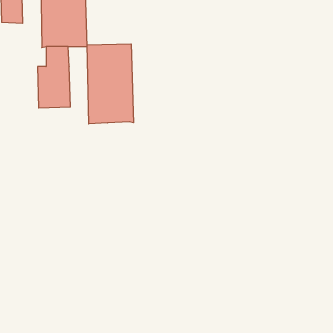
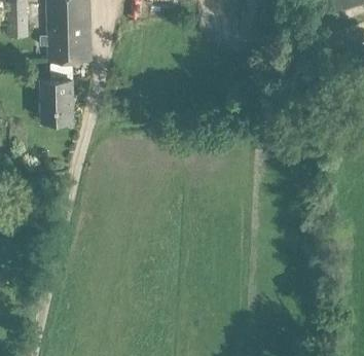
building: [87,44,134,124] -> none

